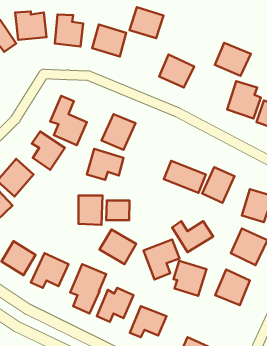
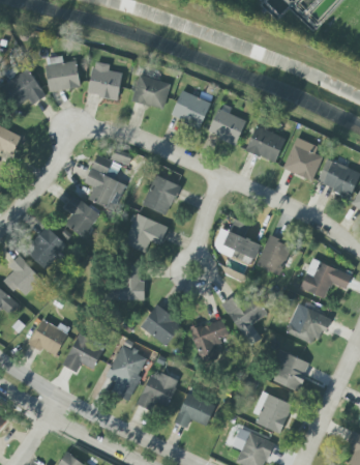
building: [130,7,164,38] -> [173,91,211,126]
building: [215,43,251,76] -> [246,125,287,163]
building: [106,200,130,220] -> none
building: [174,261,207,296] -> [254,393,292,432]

